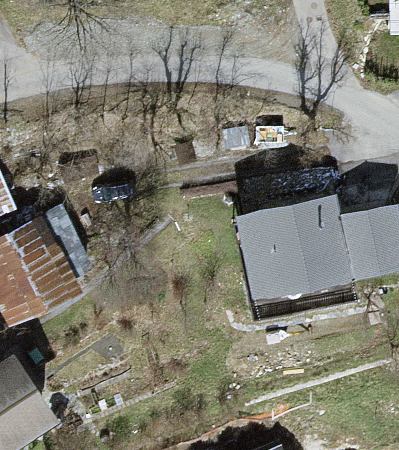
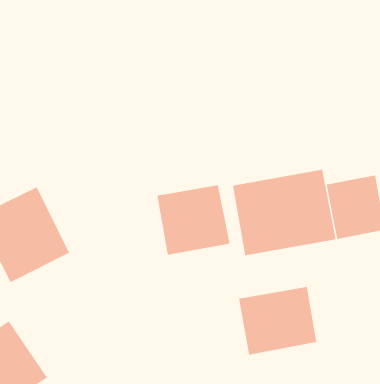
building: none -> [157,184,230,255]
building: none -> [239,286,317,356]

